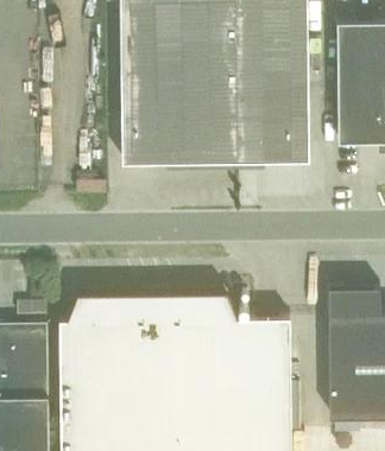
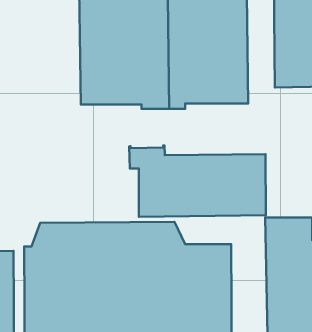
building: none -> [129,146,266,217]

